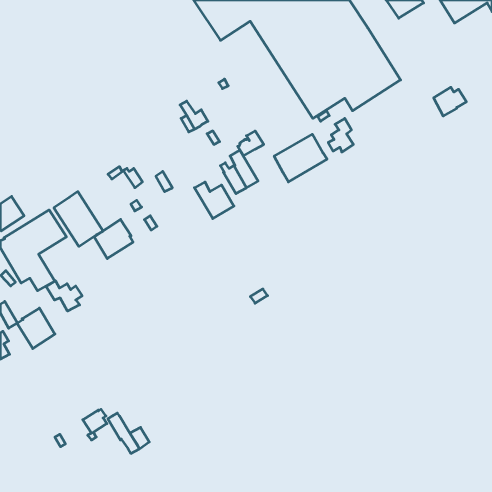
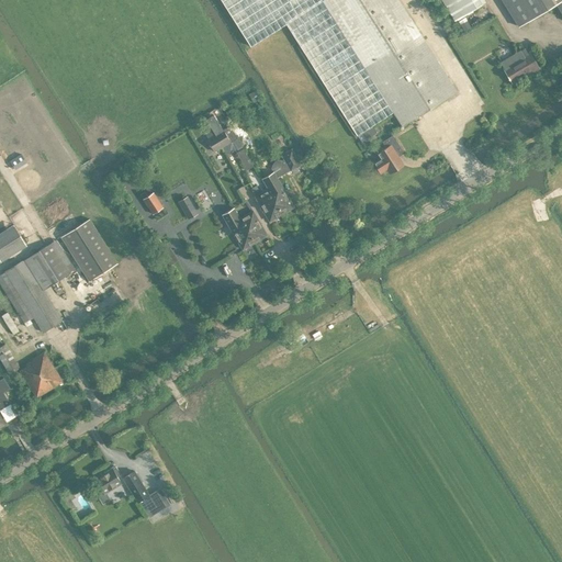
building: [434,87,466,116] -> [501,50,538,83]
building: [274,134,327,182] -> none
building: [94,219,133,259] -> none
building: [46,281,82,311] -> none

